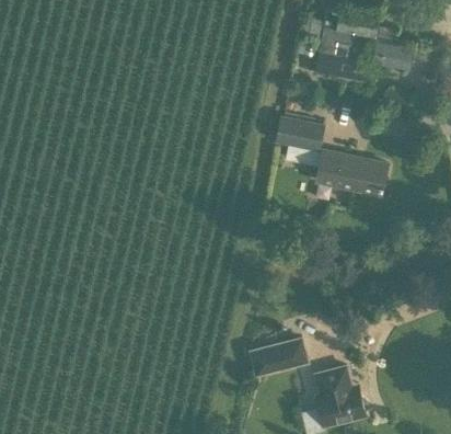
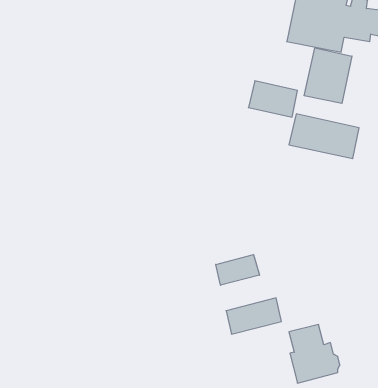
building: none -> [304,48,352,103]
building: none -> [216,255,259,285]

